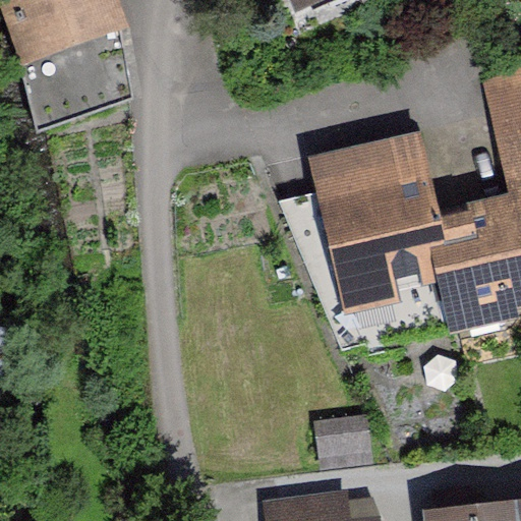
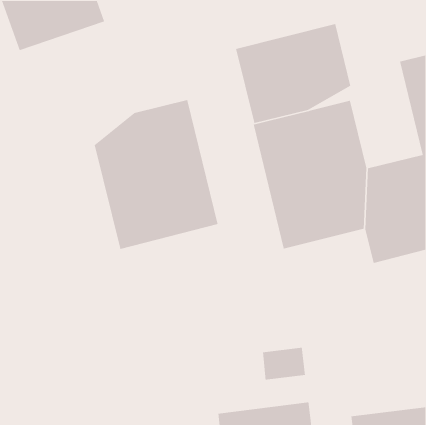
building: none -> [235,23,351,124]
building: none -> [94,99,219,250]

